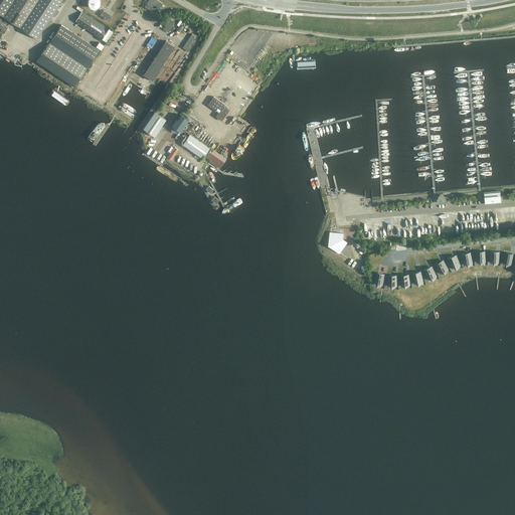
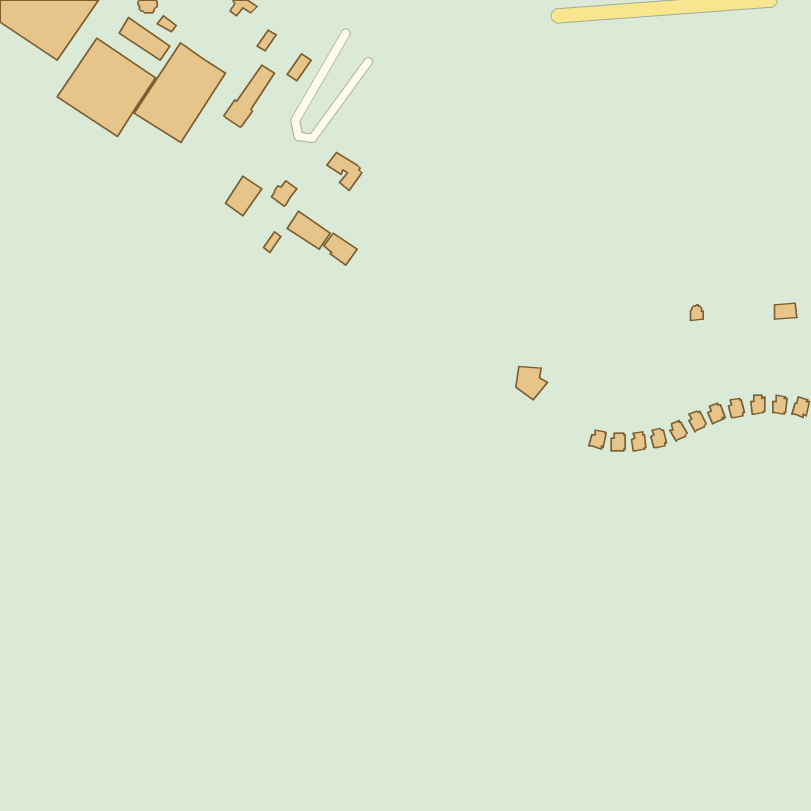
building: none -> [134,43,226,143]

